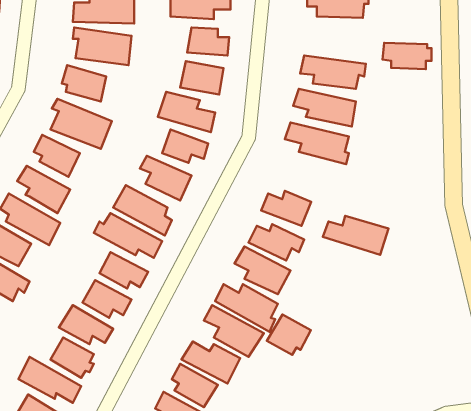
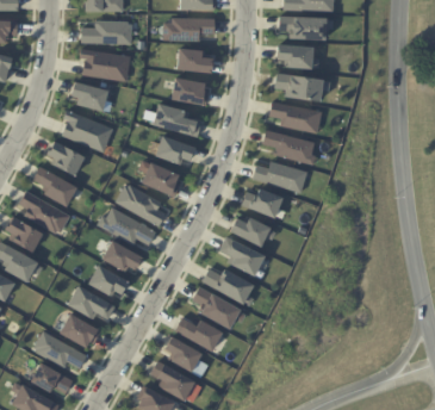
building: [383,43,431,69] -> [278,45,319,68]
building: [323,216,388,255] -> [251,161,307,194]
building: [267,315,311,355] -> none

